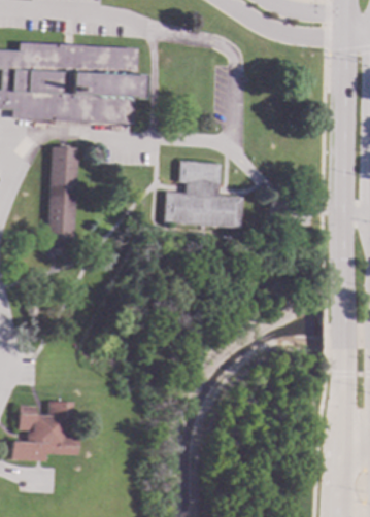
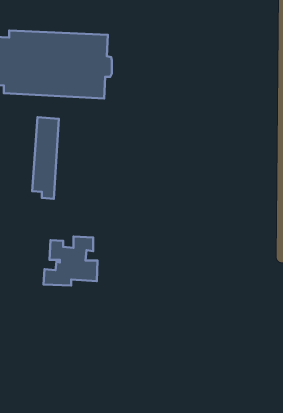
building: [165,162,241,225] -> none
building: [12,401,77,459] -> [44,237,98,286]

